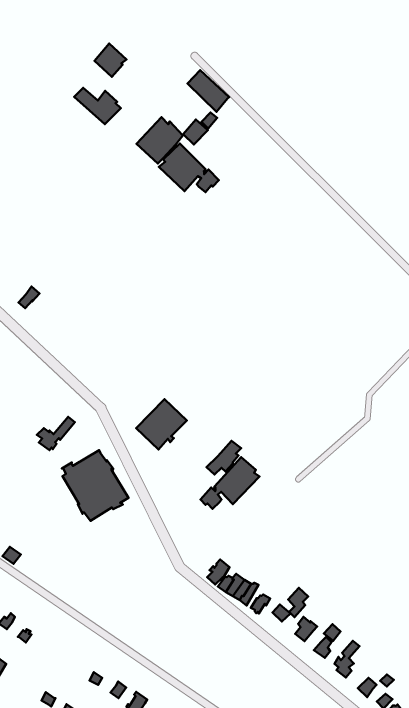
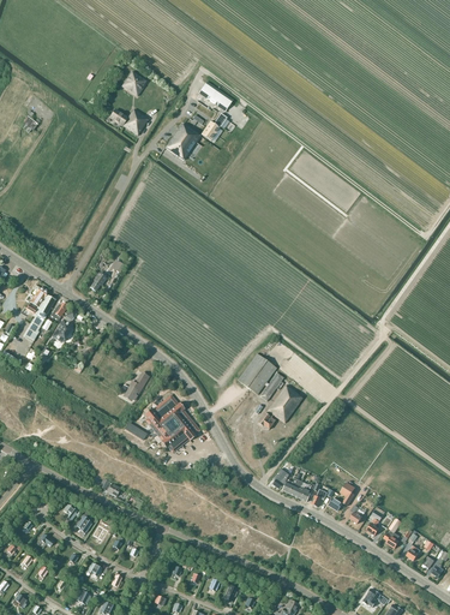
building: [159,143,219,192] -> none
building: [136,399,187,450] -> [236,353,276,394]

